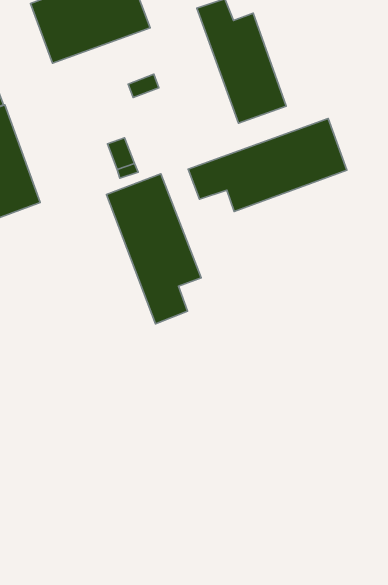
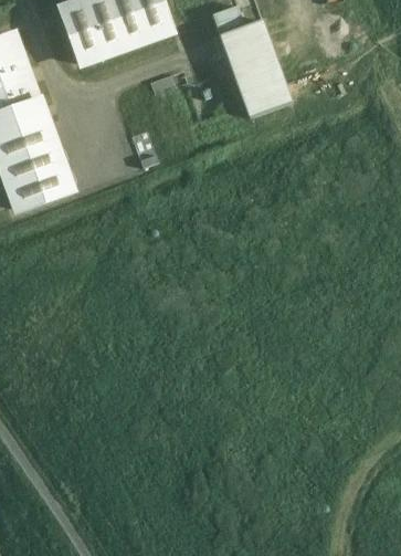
building: [188,119,347,211] -> none
building: [106,174,201,324] -> none

